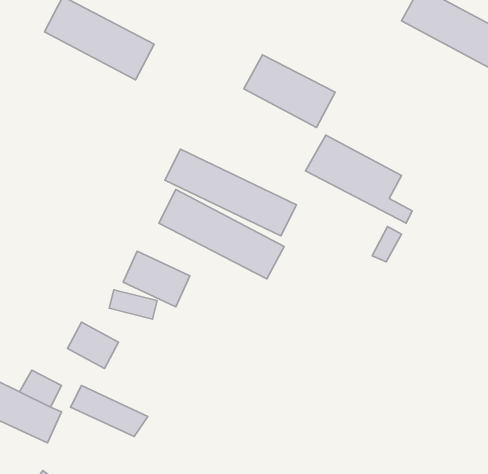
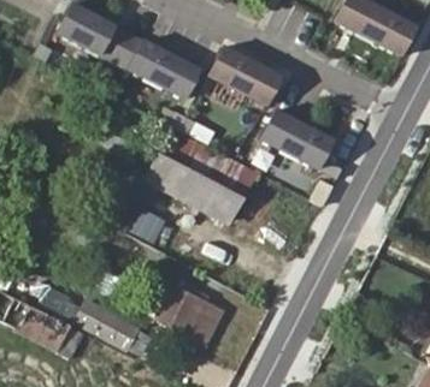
building: none -> [129,40,202,97]
building: none -> [152,284,225,341]

